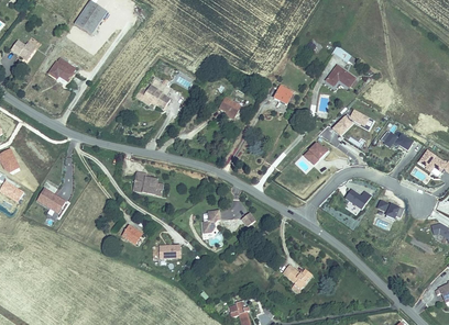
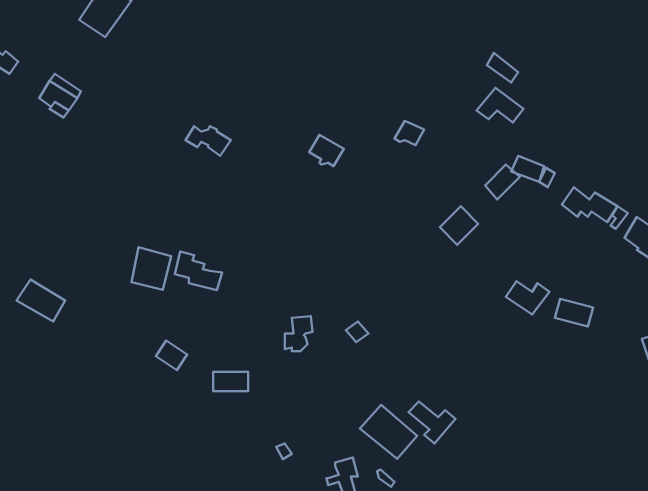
building: none -> [131,247,171,290]
building: none -> [360,405,417,459]

